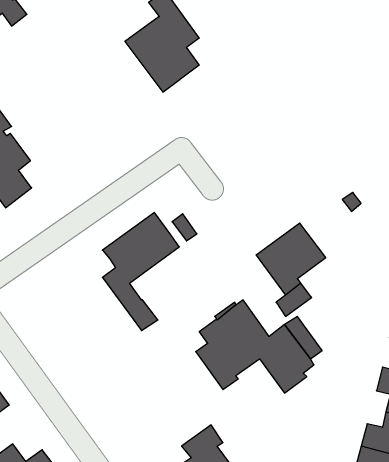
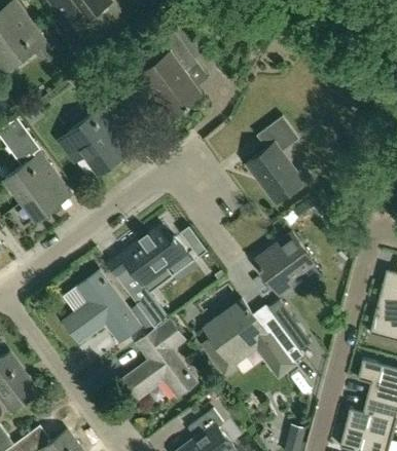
building: none -> [59,109,121,173]
building: none -> [248,116,305,203]
building: none -> [64,272,138,341]
building: none -> [123,318,195,399]

